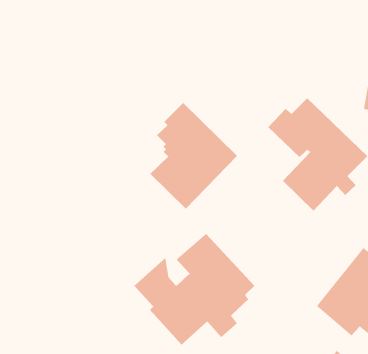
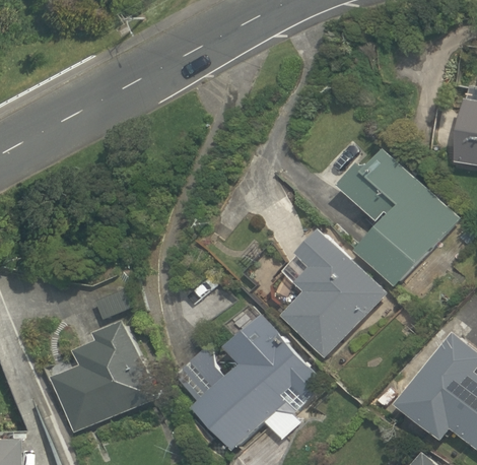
building: [149,102,238,209] -> [278,227,387,359]
building: none -> [49,319,158,434]

